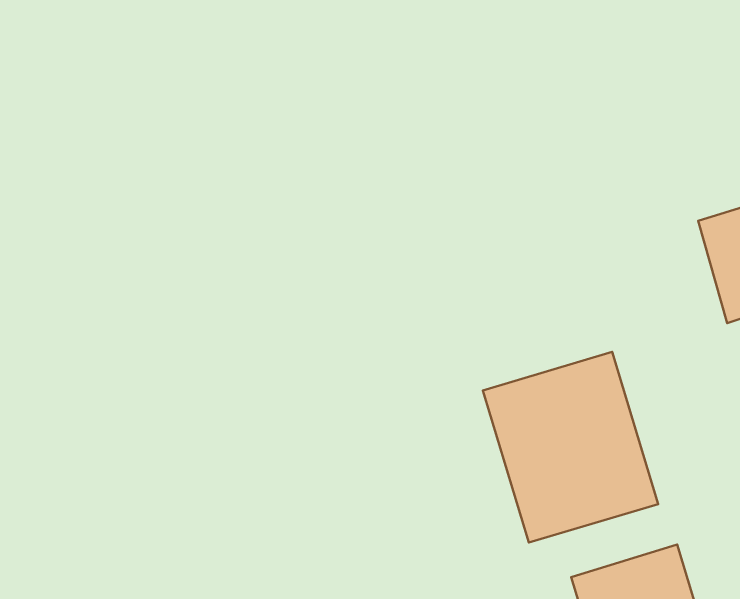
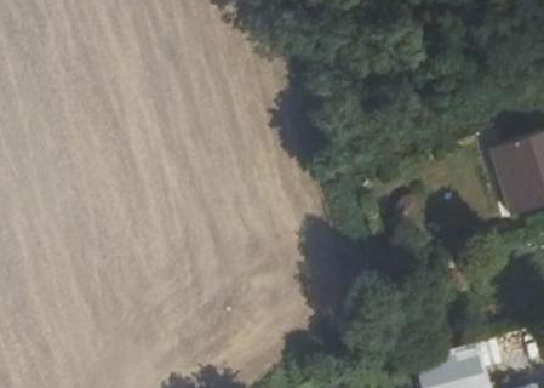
building: [483,352,658,543] -> none

